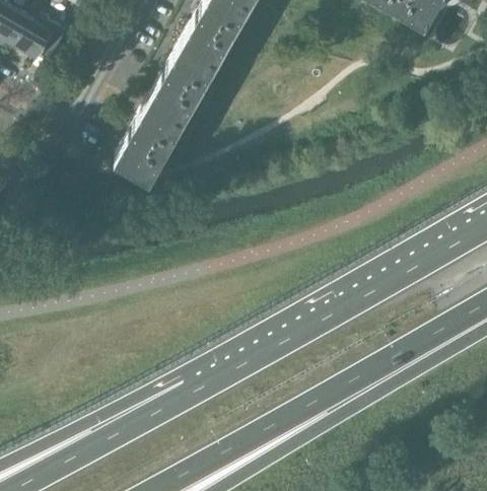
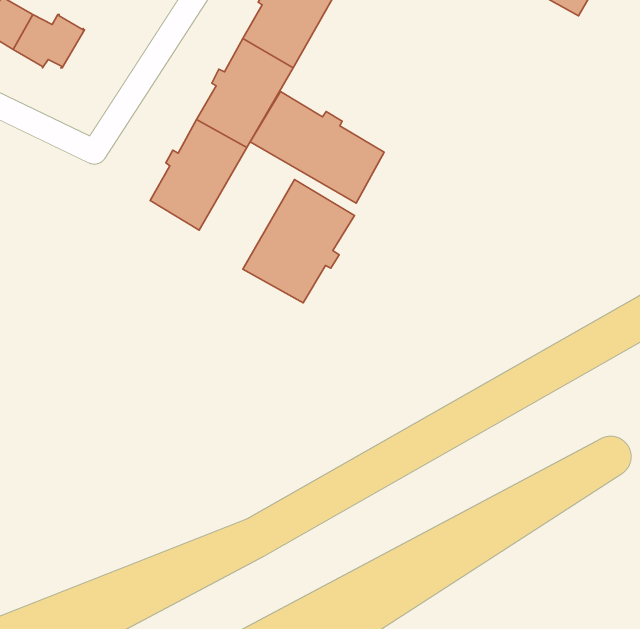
building: none -> [250,91,384,203]
building: none -> [243,180,354,303]

